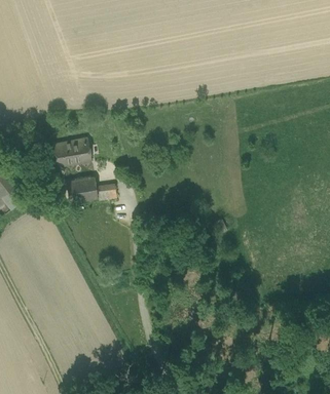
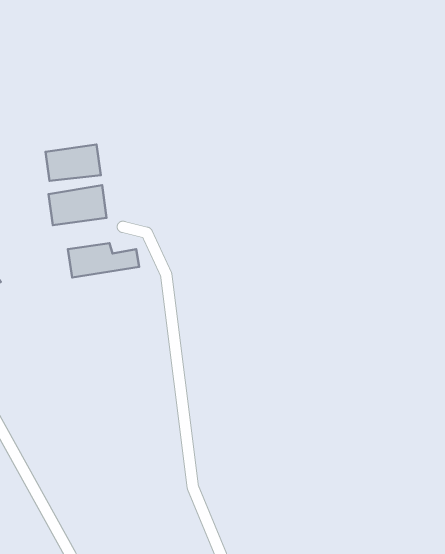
building: none -> [45,145,101,181]

